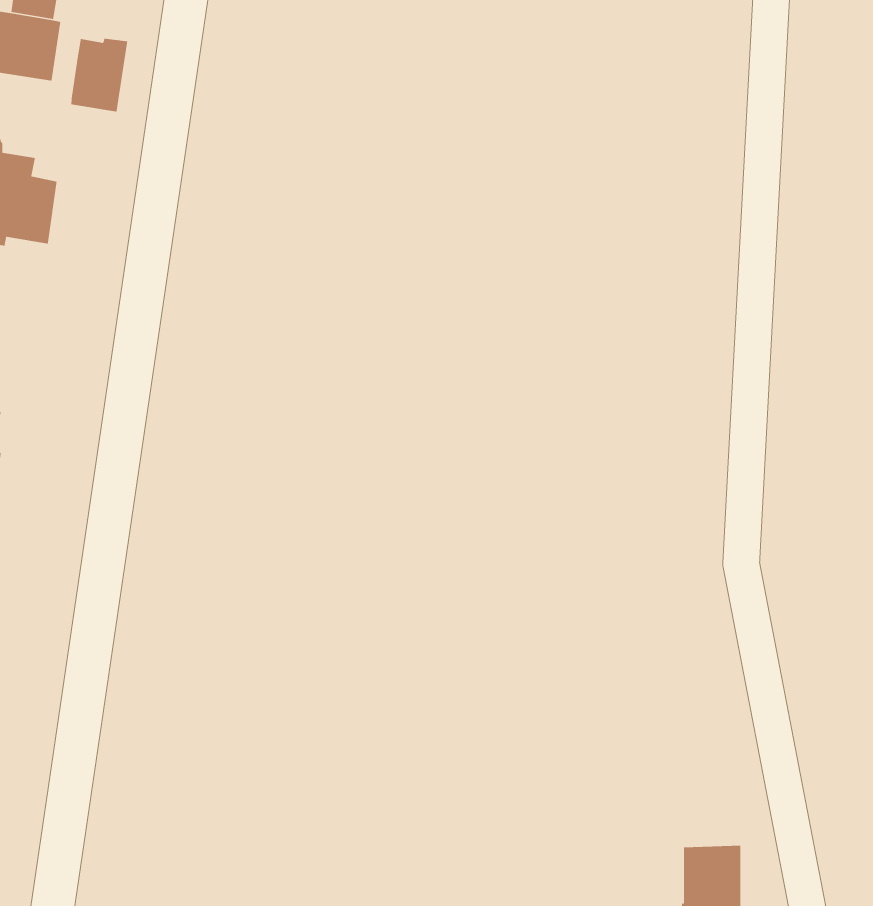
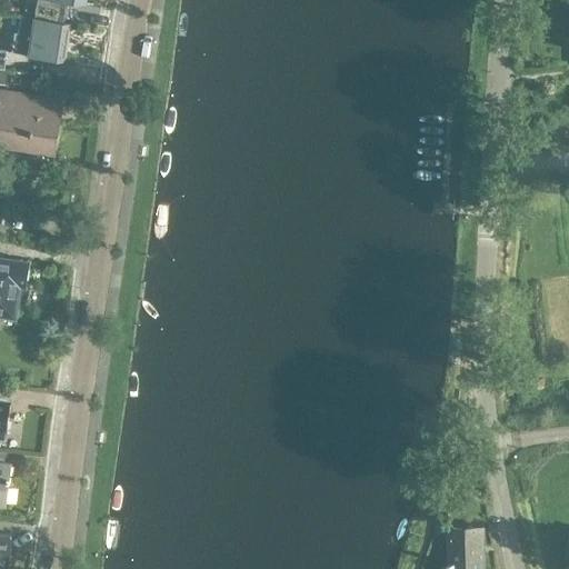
building: [70,38,128,112] -> none

